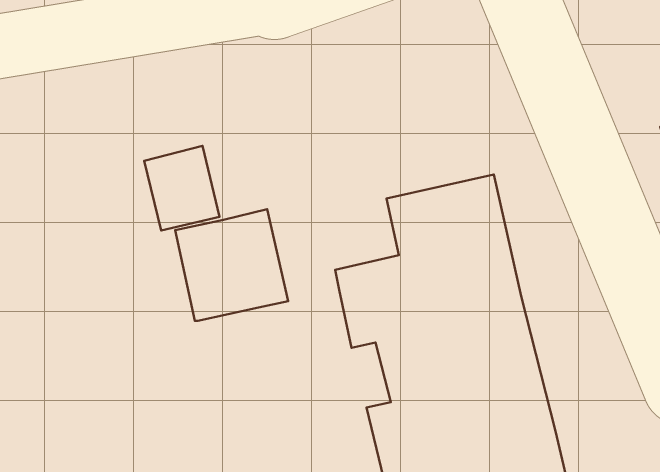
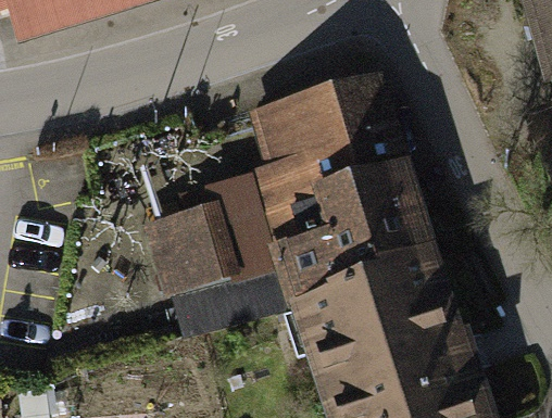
building: none -> [259,75,401,240]
building: none -> [178,255,300,332]

